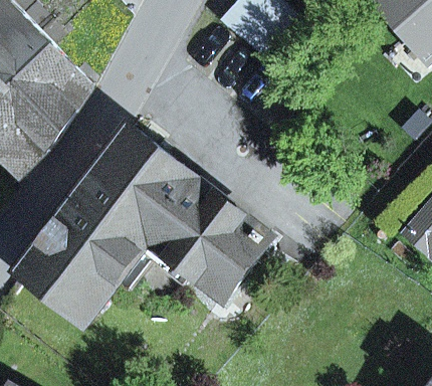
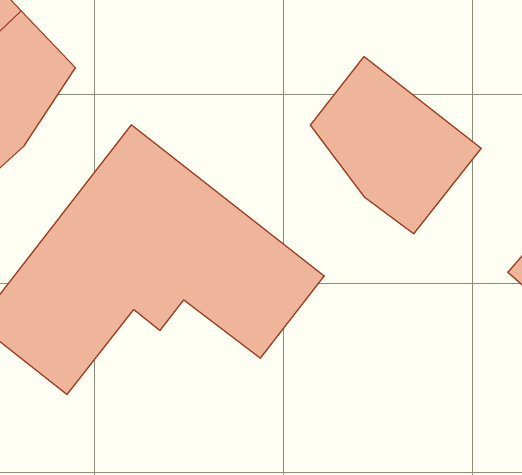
building: none -> [310,57,481,234]

